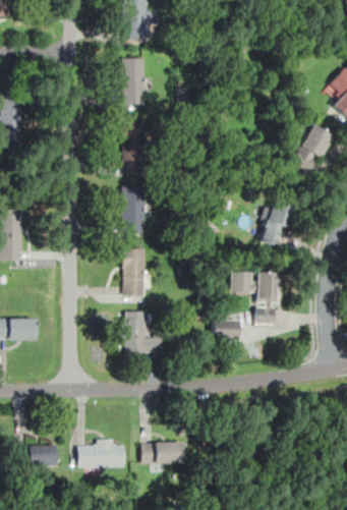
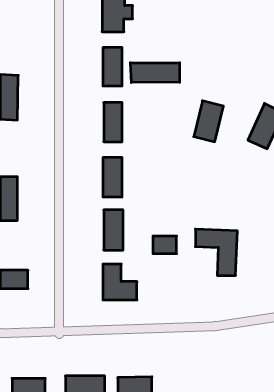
building: none -> [130,63,180,83]
building: [258,200,293,247] -> [194,101,223,142]
building: [213,318,240,338] -> [153,236,177,254]

